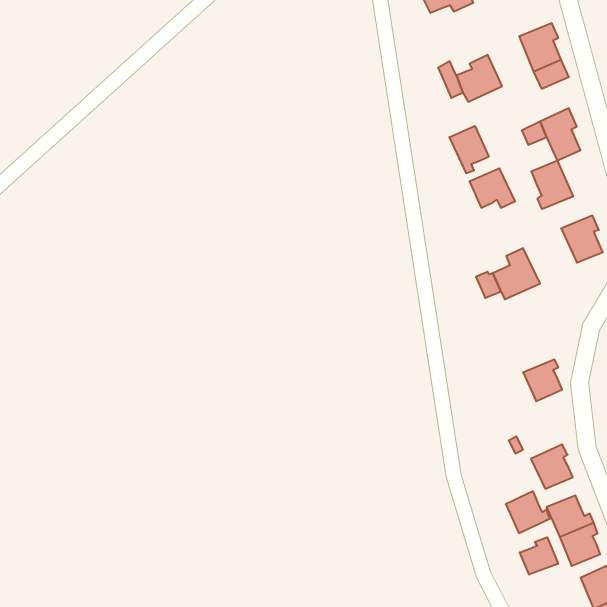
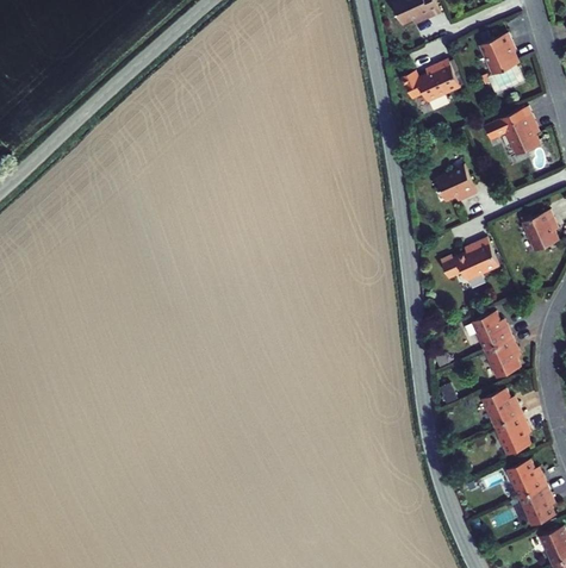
building: [449,126,489,173] -> none
building: [531,161,573,209] -> none
building: none -> [472,311,514,350]
building: [506,491,550,533] -> [480,391,521,429]
building: [520,537,558,575] -> none

